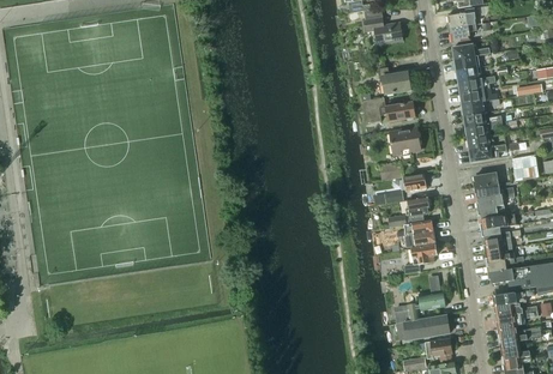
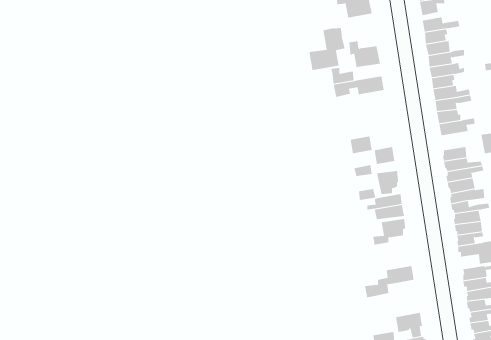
building: none -> [309,27,345,71]
building: [390,128,421,156] -> none
building: [404,315,450,339] -> none

